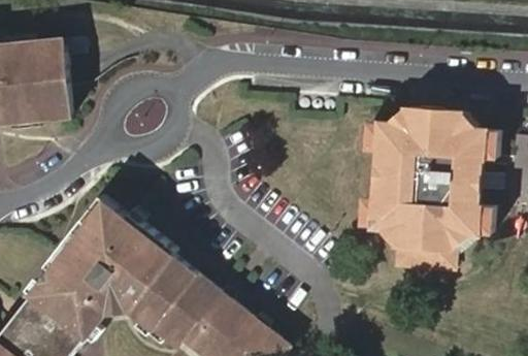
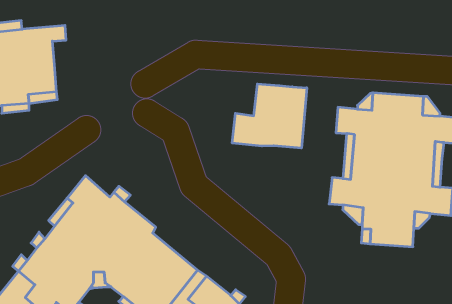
building: none -> [232,84,307,148]

